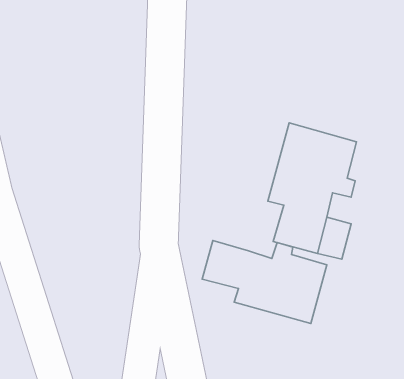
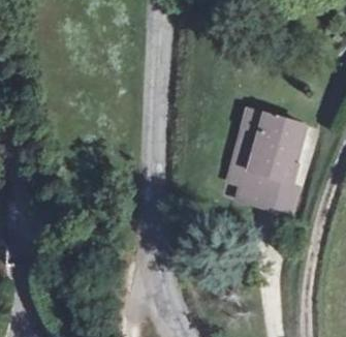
building: [202,241,327,324] -> none

